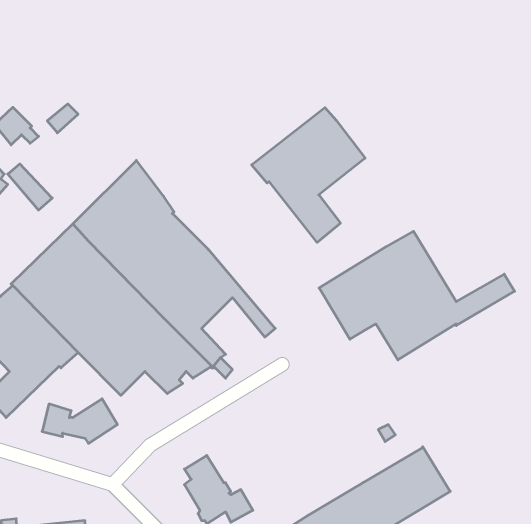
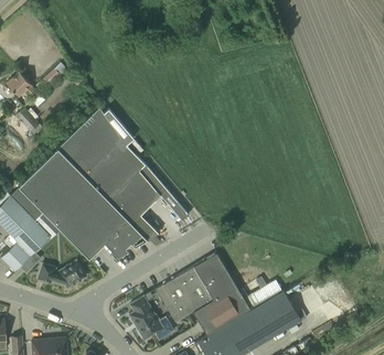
building: [252,108,365,242] -> none
building: [319,231,515,360] -> [156,254,281,336]

